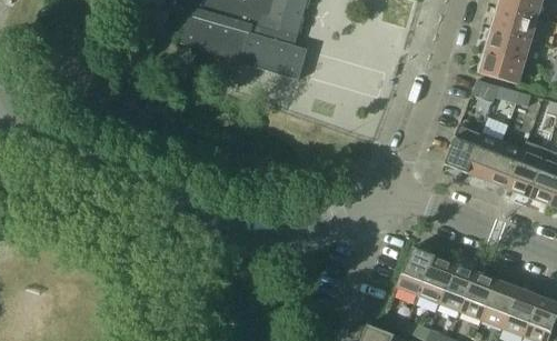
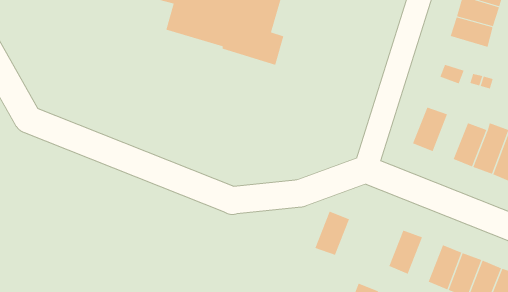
building: [477,49,525,84] -> none
building: [466,132,503,180] -> none
building: [396,247,434,294] -> [315,211,350,256]
building: [439,263,476,311] -> none

